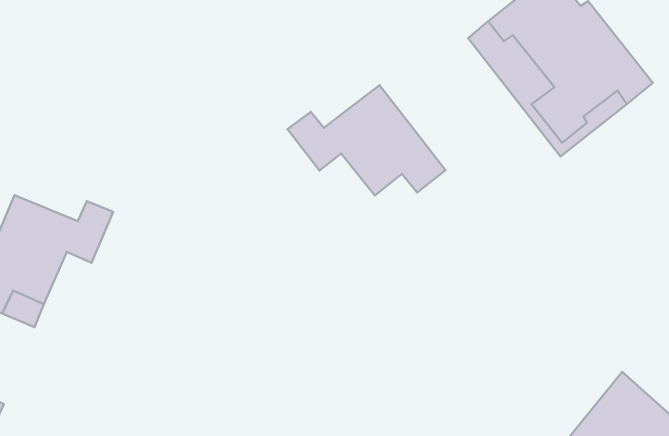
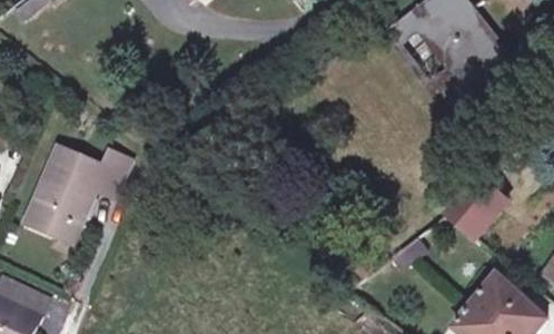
building: [288,85,446,196] -> none
building: none -> [446,176,504,235]

